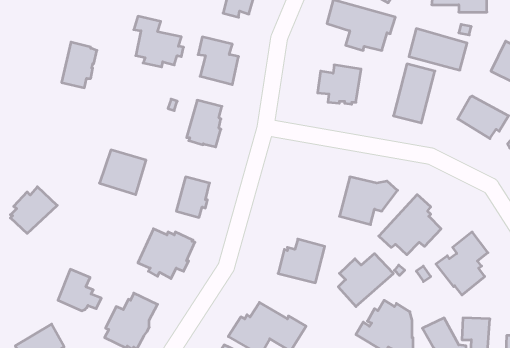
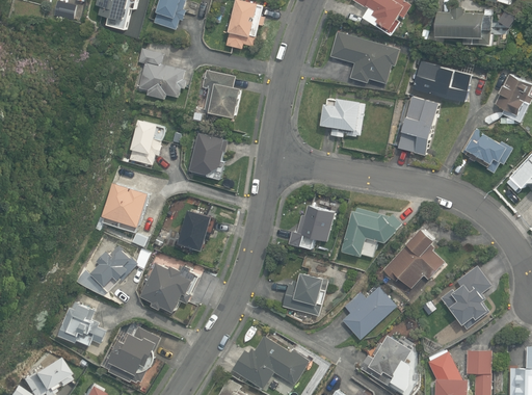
building: [62,42,97,88] -> [129,118,164,164]
building: none -> [288,204,334,246]
building: [10,187,57,233] -> [90,244,137,291]

